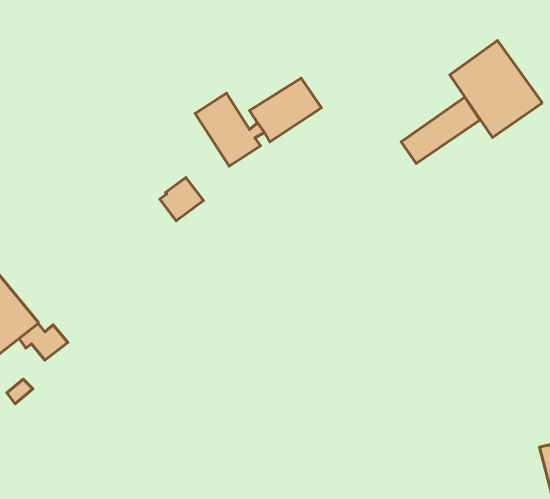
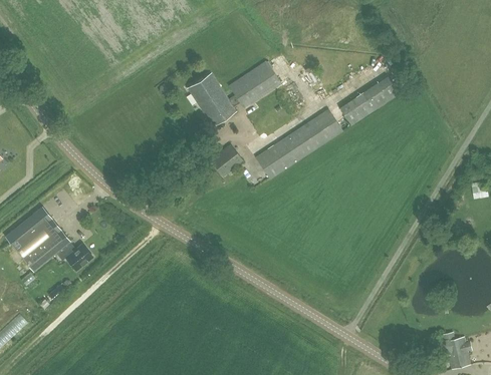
building: [450,41,542,137] -> none
building: none -> [256,108,342,178]
building: [160,178,203,221] -> [211,144,243,176]

